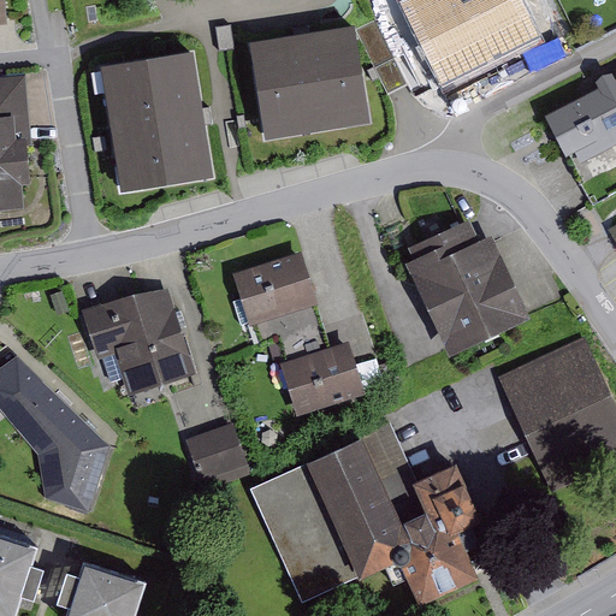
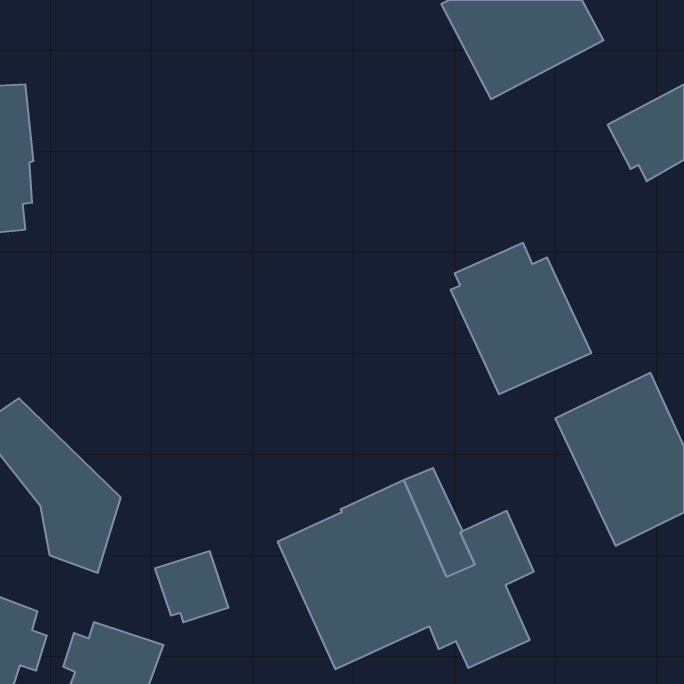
building: [244,18,377,141] -> none
building: [96,42,218,197] -> none
building: [233,250,366,415] -> none
building: [81,289,195,395] -> none
building: [184,424,250,487] -> [155,551,229,622]

